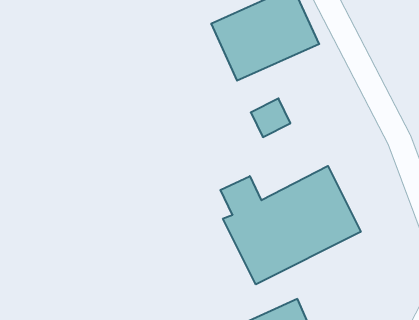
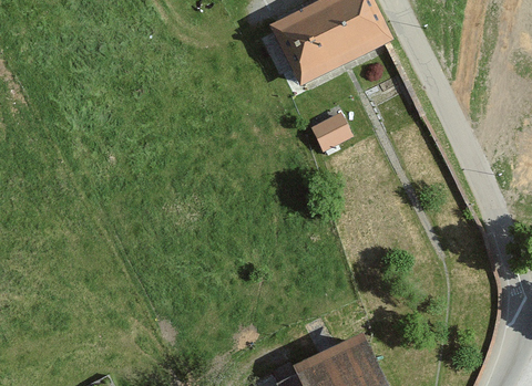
building: [220,166,361,284] -> none

